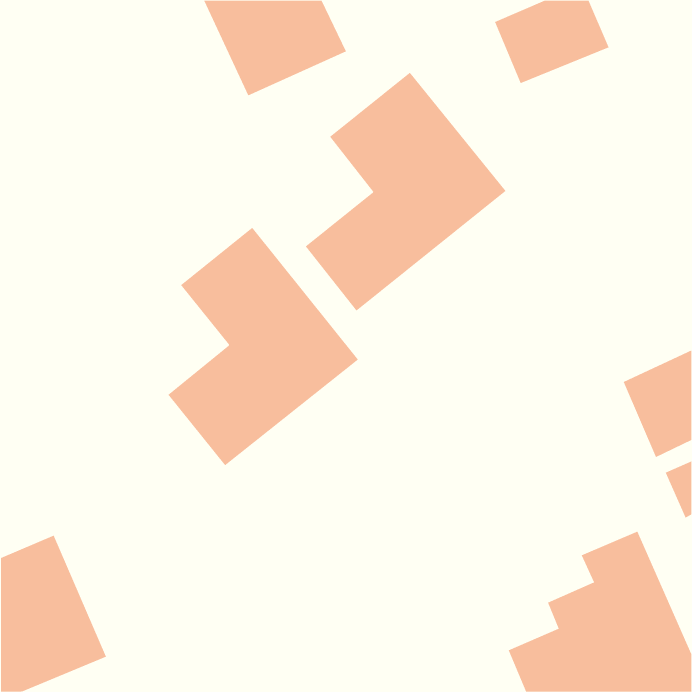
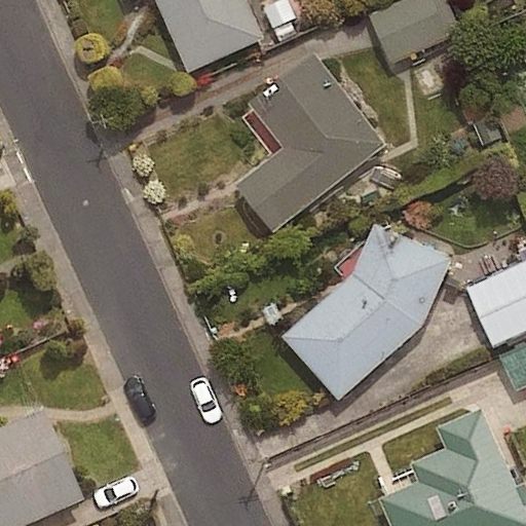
building: [168,227,359,466] -> none
building: none -> [280,225,451,401]

